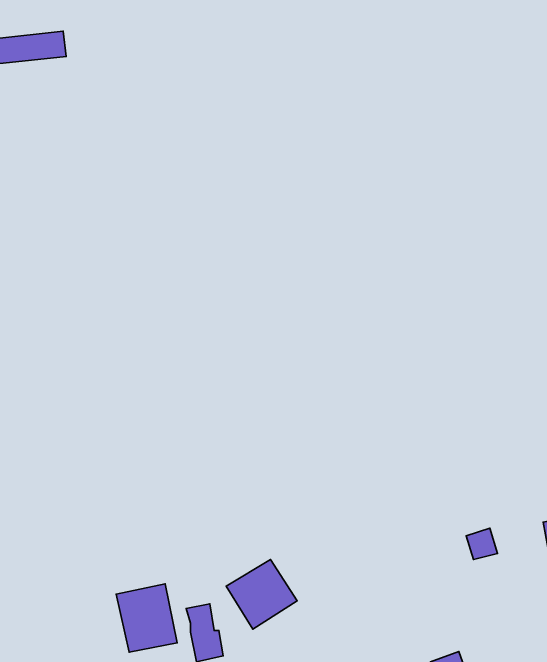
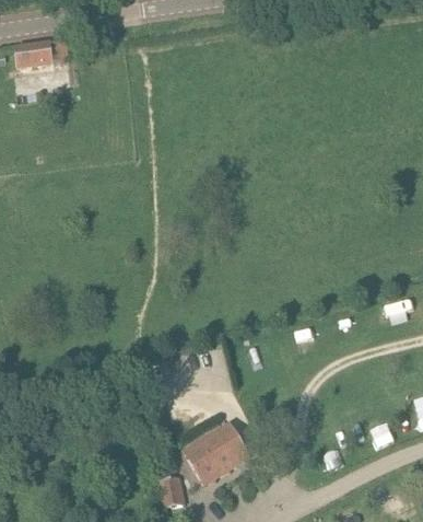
building: [116,584,177,652] -> none

